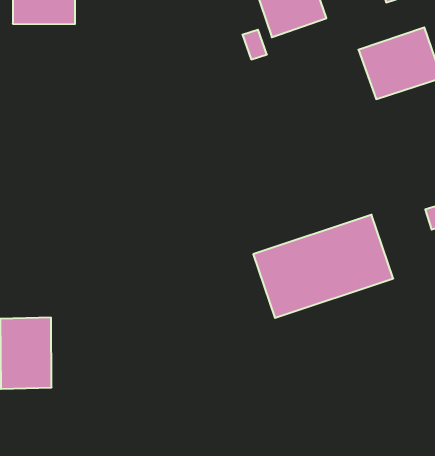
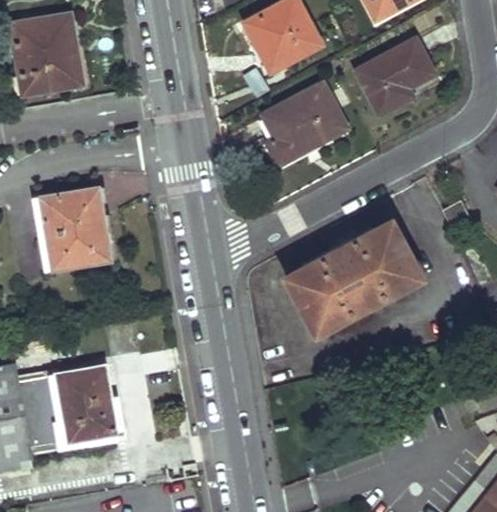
building: none -> [264,84,346,164]
building: none -> [40,189,111,272]

